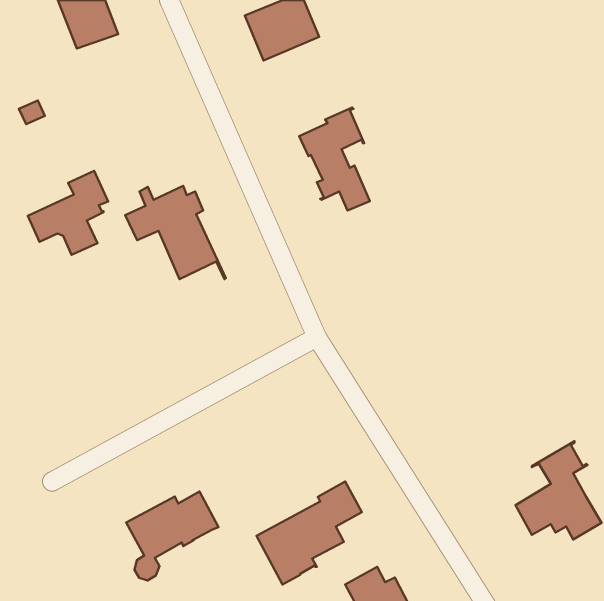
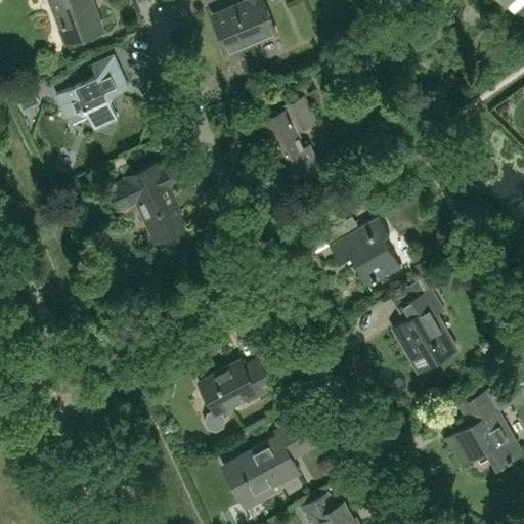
building: [28,171,108,255] -> [56,57,126,130]
building: none -> [322,218,407,297]
building: none -> [392,290,455,373]
building: [126,492,219,580] -> [198,356,277,433]

